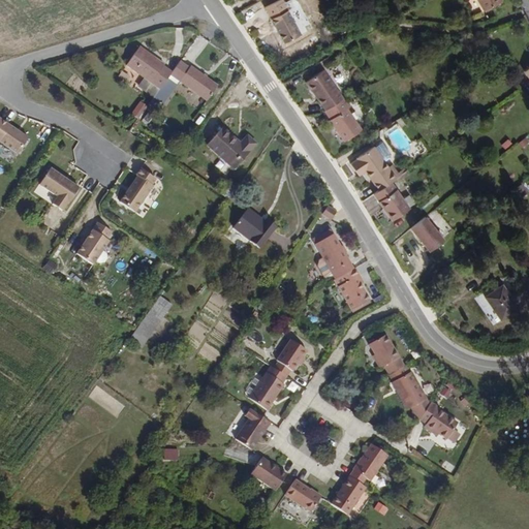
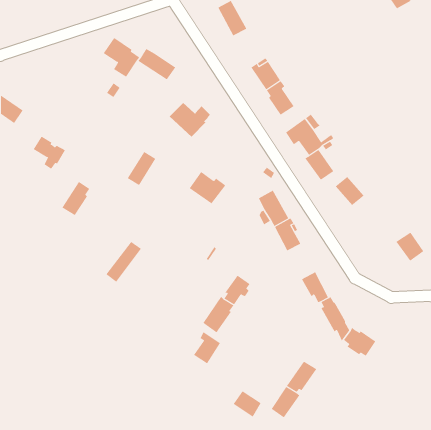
building: [120,168,156,211] -> [127,151,156,186]
building: [251,456,288,491] -> none

